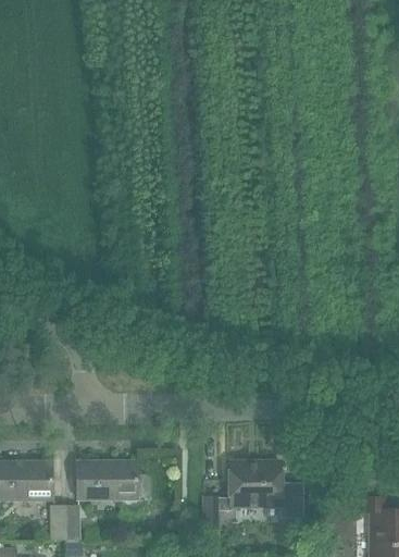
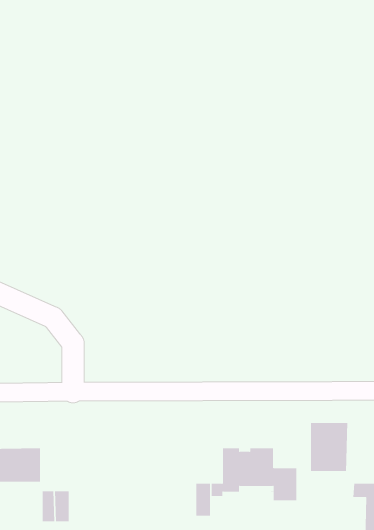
building: none -> [310,422,348,472]
building: [77,463,150,499] -> none

